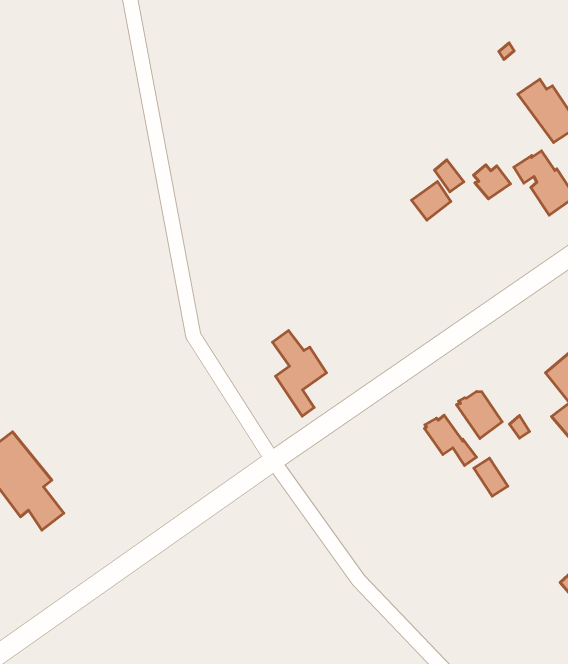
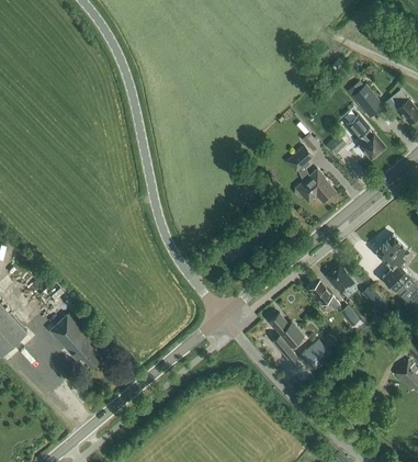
building: none -> [294,168,335,204]
building: [273,330,326,416] -> [270,314,303,363]
building: none -> [302,340,331,370]

